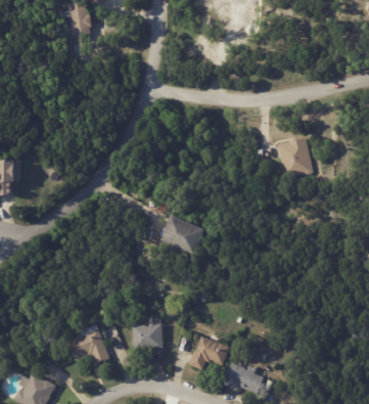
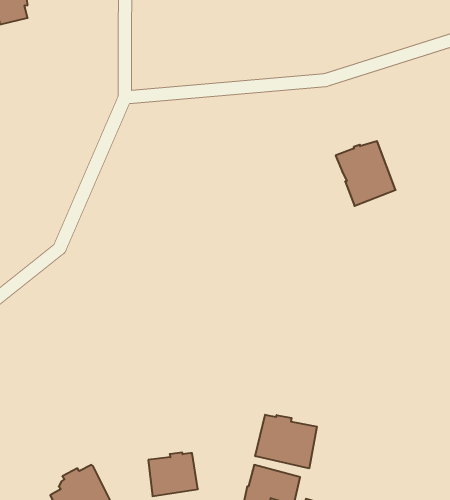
building: [160,215,204,254] -> none
building: none -> [255,415,317,468]

